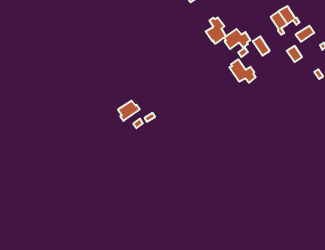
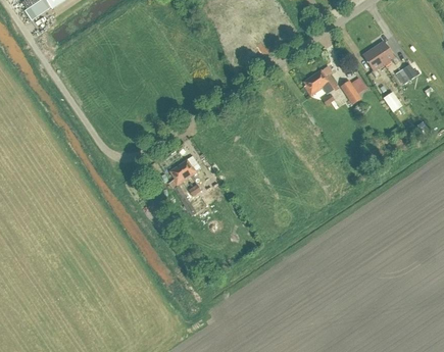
building: [206,17,226,44] -> none
building: [229,59,256,83] -> none

